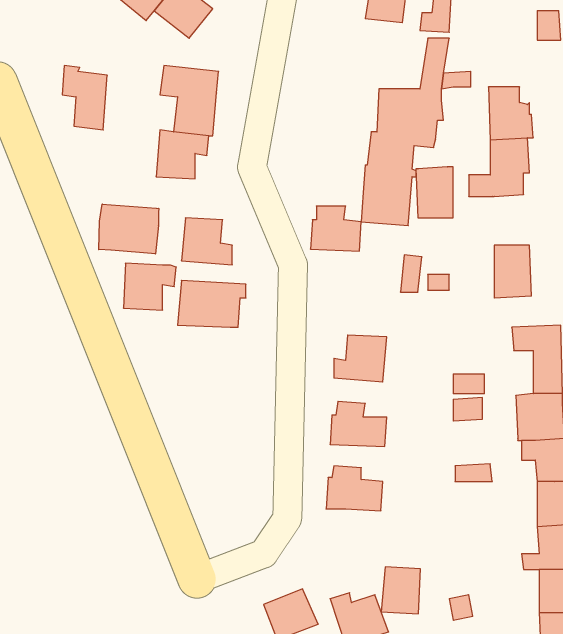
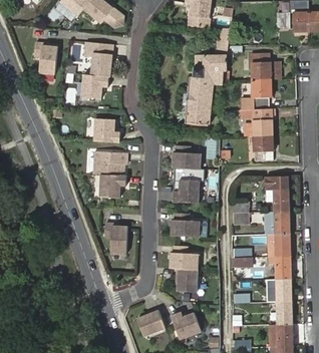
building: [416,167,453,218] -> [253,108,272,134]
building: [99,204,159,254] -> none
building: [310,206,361,251] -> [172,146,198,169]
building: [123,263,176,310] -> [98,175,125,200]
building: none -> [103,227,126,258]
building: [381,567,420,614] -> [176,270,196,294]

